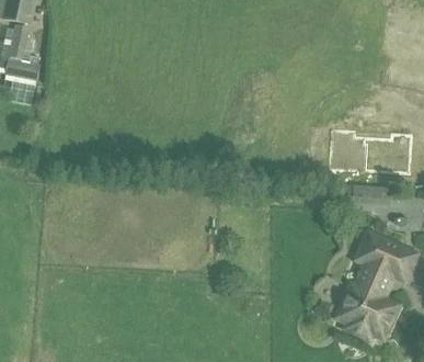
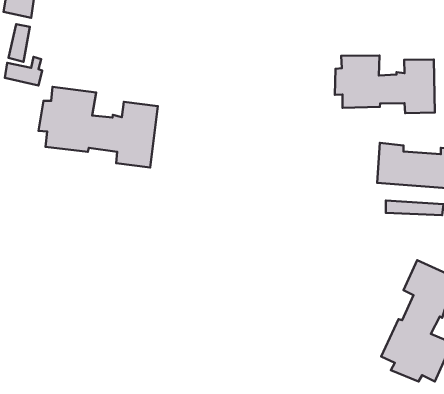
building: none -> [335,55,435,113]
building: none -> [39,87,158,167]

